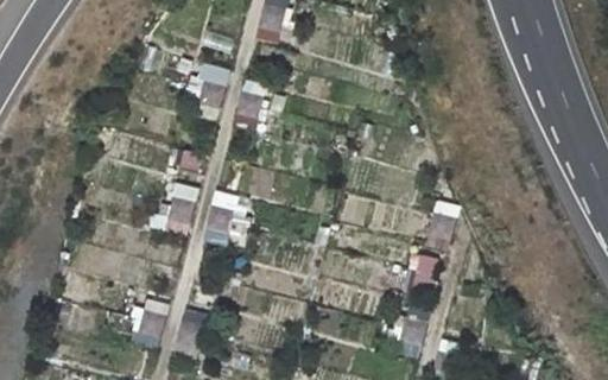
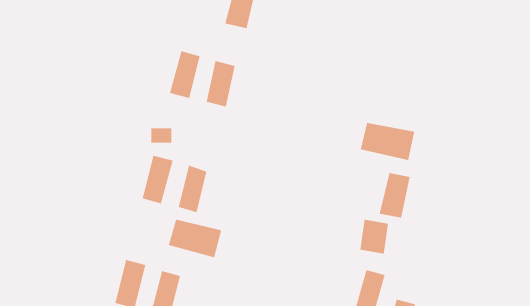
building: none -> [360,122,415,161]
building: none -> [168,219,222,258]

